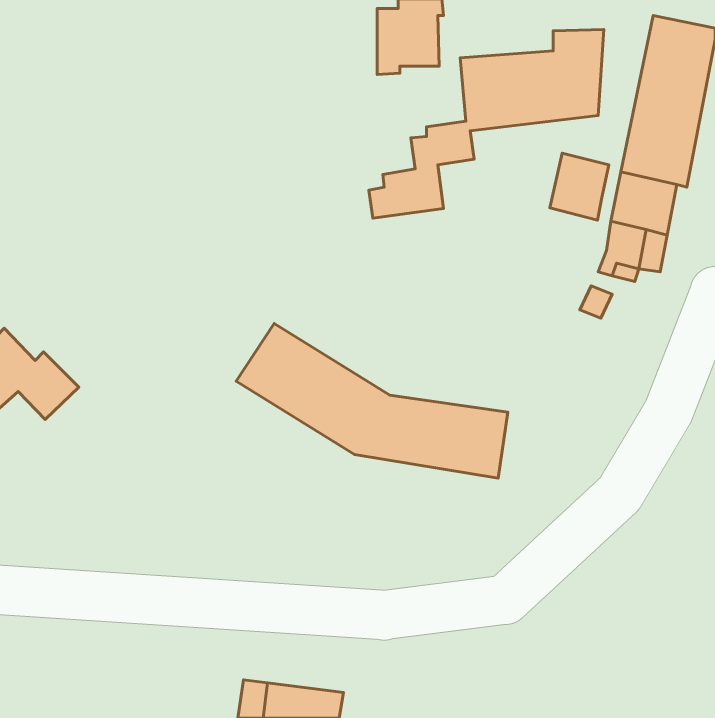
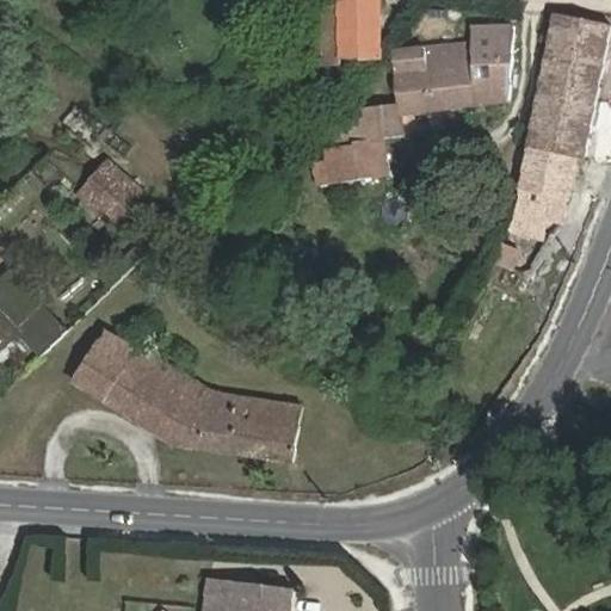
building: [550,153,609,220] -> none
building: none -> [73,155,143,224]
building: [236,323,508,478] -> [70,331,301,462]

